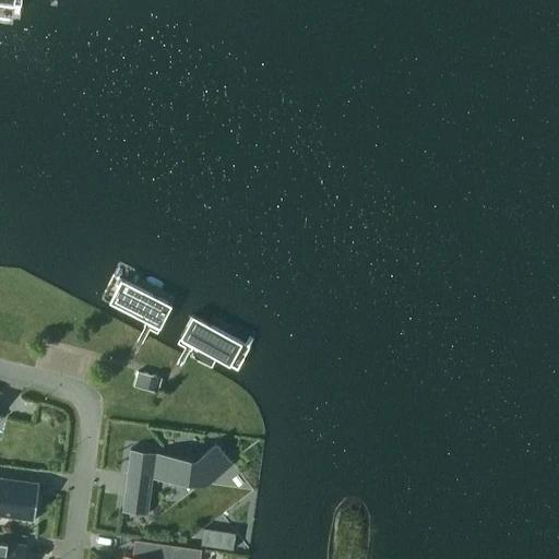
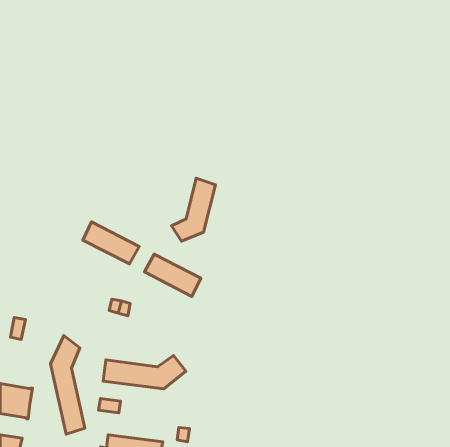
building: none -> [171,178,215,241]
building: none -> [51,336,85,434]

